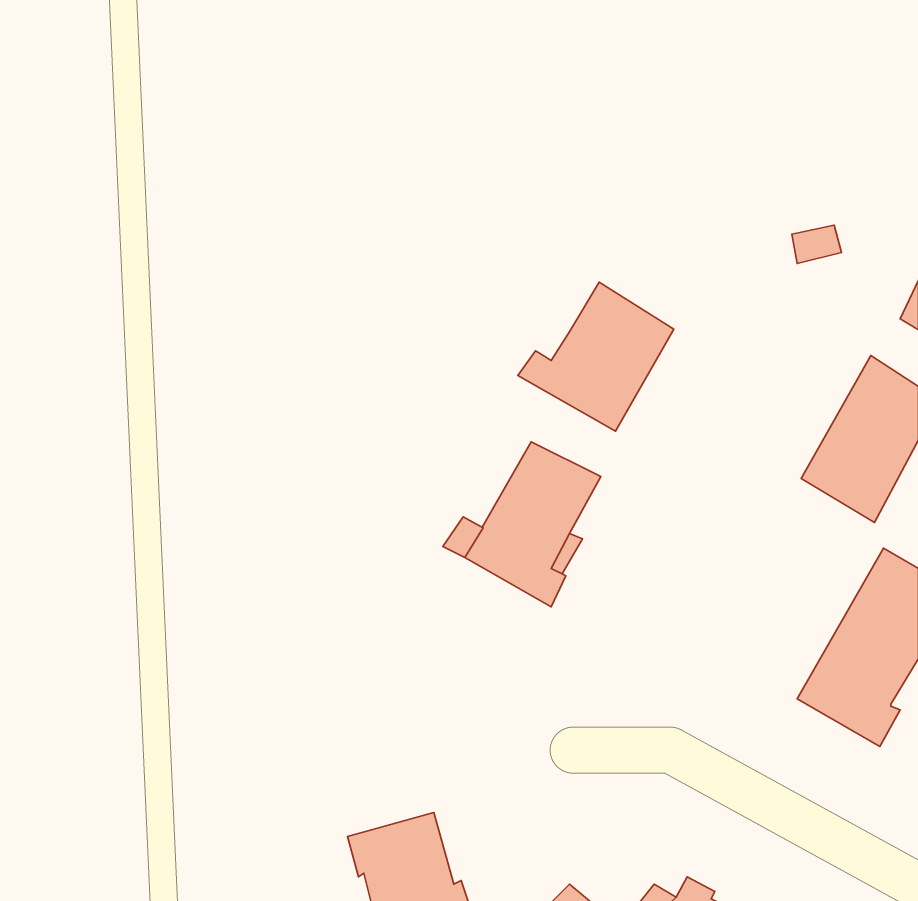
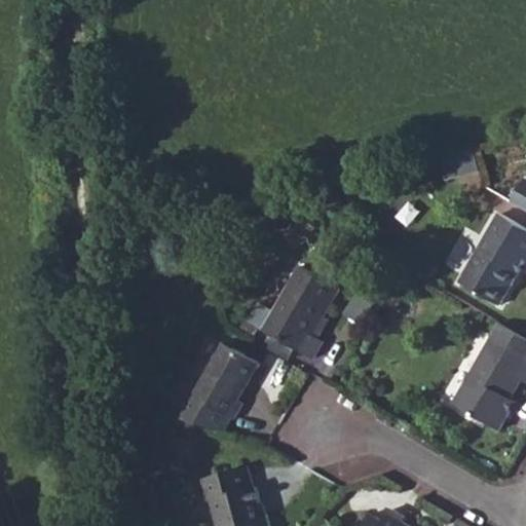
building: [518,282,674,431] -> none
building: none -> [177,342,258,429]

